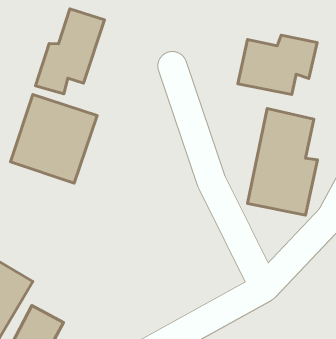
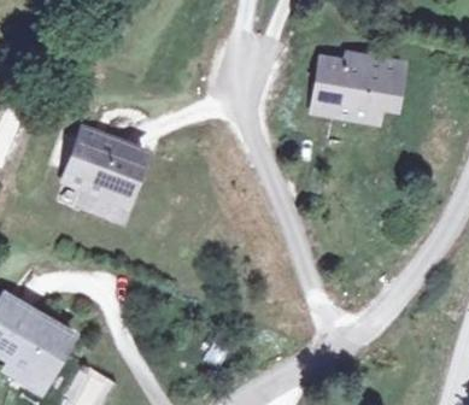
building: [35,9,105,94] -> none
building: [248,108,318,215] -> none

